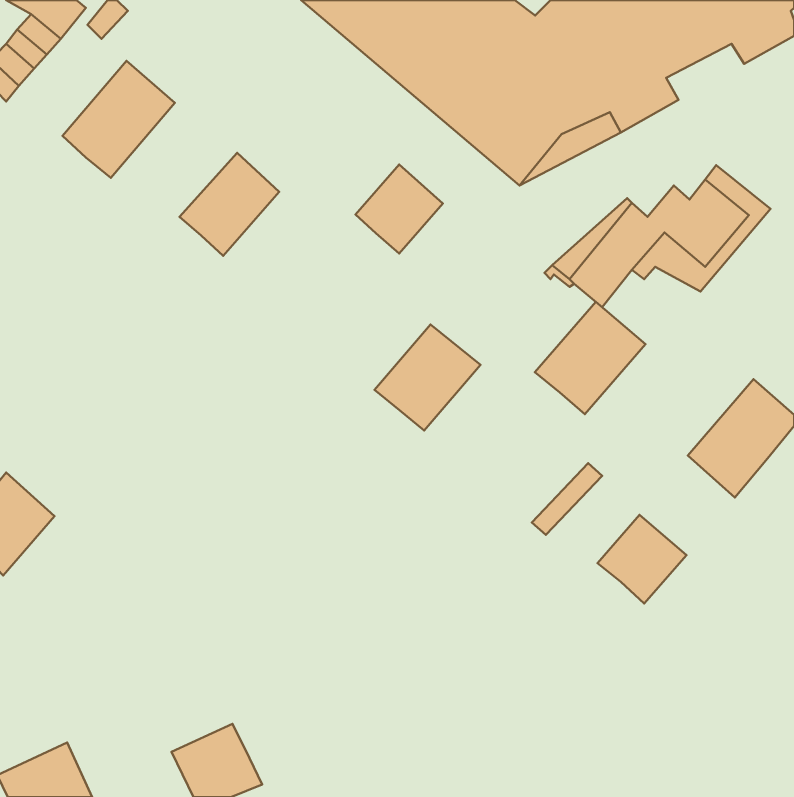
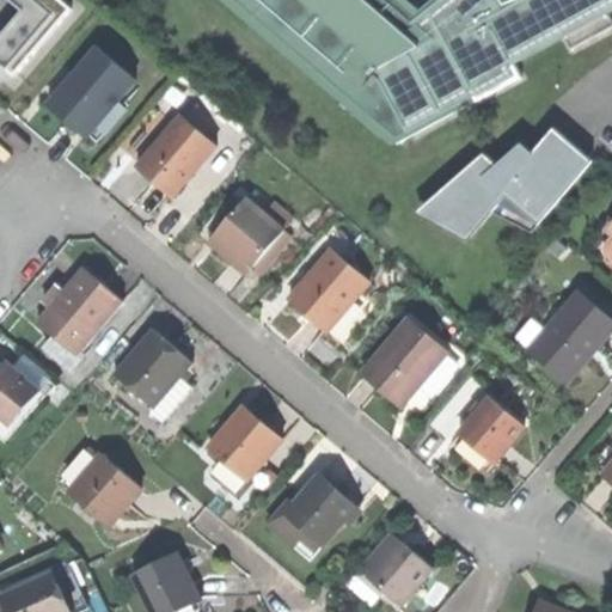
building: [355,164,443,253] -> [216,201,283,269]
building: [535,302,646,414] -> [360,319,445,405]
building: none -> [37,269,120,354]
building: none -> [114,329,191,406]
building: none -> [208,406,282,481]
building: none -> [67,454,139,526]
building: none -> [282,475,353,546]
building: none -> [365,539,432,605]

